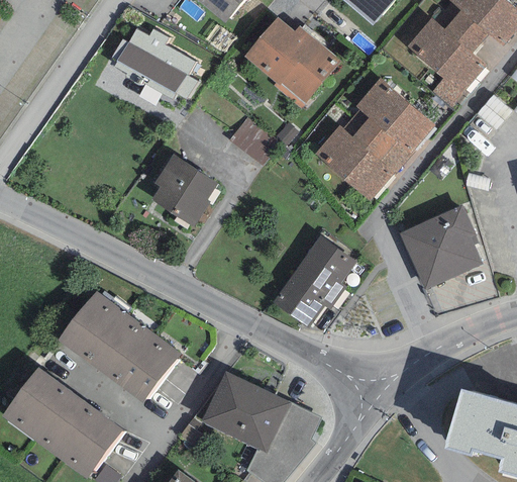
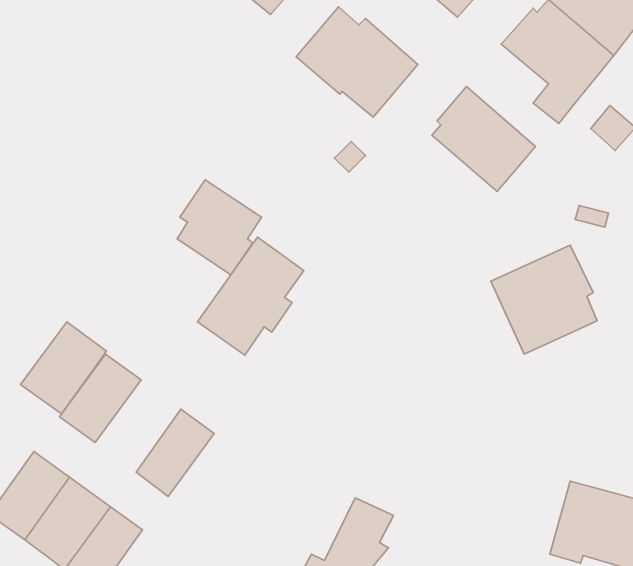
building: [112,29,199,100] -> none
building: [229,117,280,165] -> none
building: [315,117,404,200] -> none
building: [273,234,356,327] -> [197,237,304,355]
building: [87,310,154,383] -> [21,322,106,414]
building: [202,372,292,453] -> none

